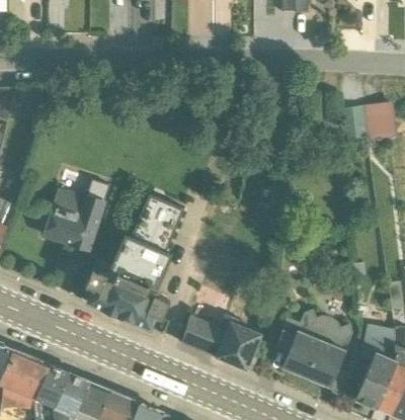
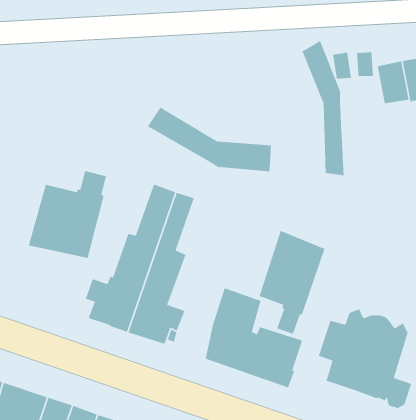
building: none -> [301,40,344,176]
building: none -> [147,106,272,172]
building: none -> [258,230,326,335]

